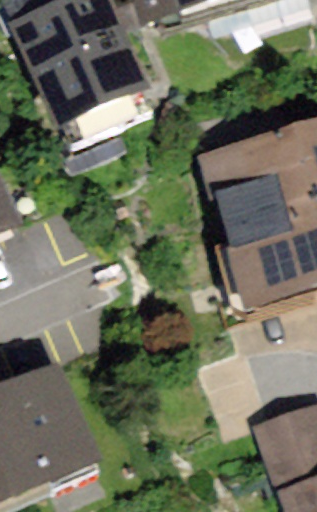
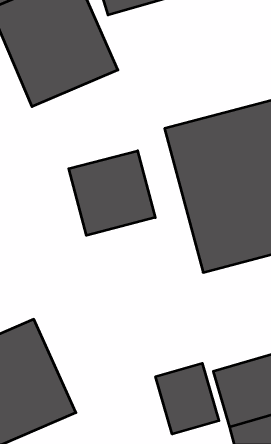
building: none -> [69,151,155,235]
building: none -> [156,363,219,434]

